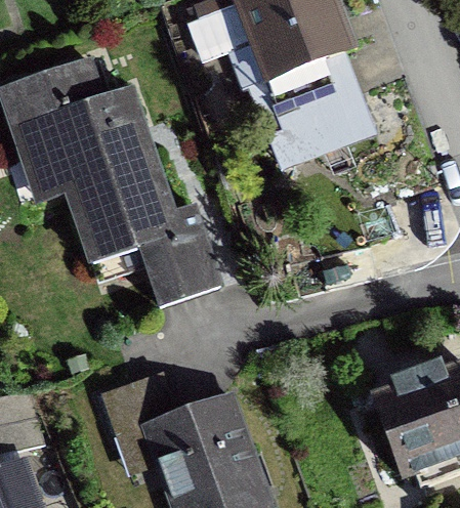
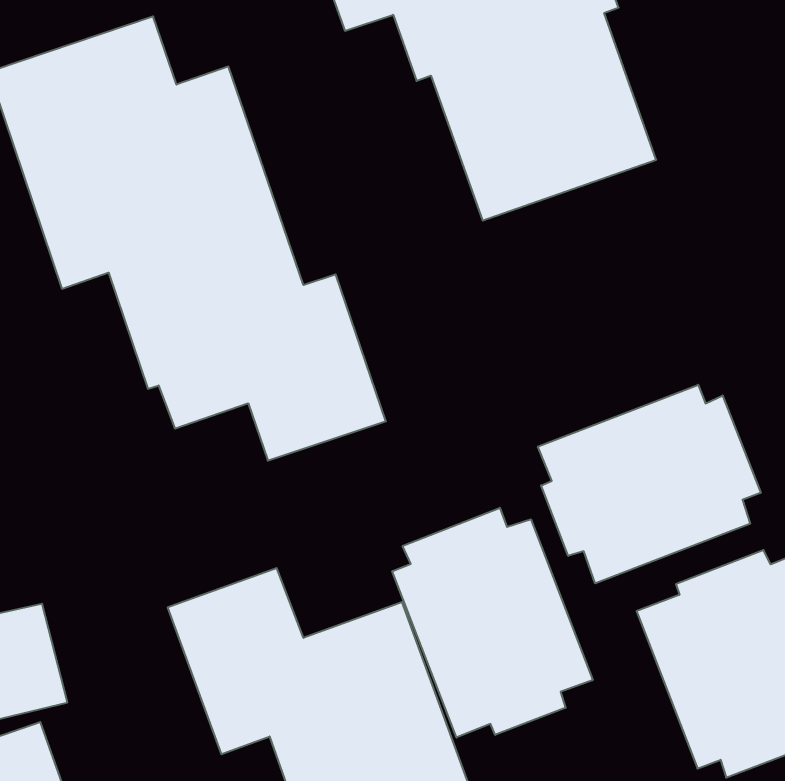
building: none -> [538,385,761,583]
building: none -> [392,508,593,738]

